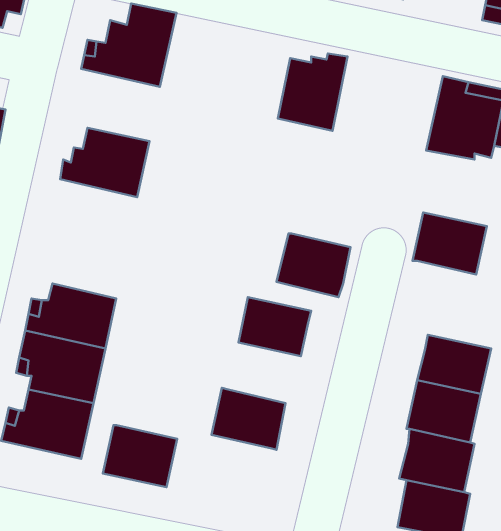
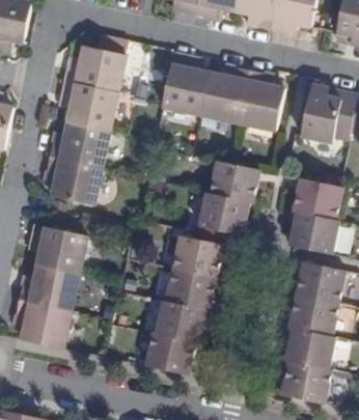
building: none -> [161,55,208,113]
building: none -> [237,71,284,130]
building: none -> [59,79,118,129]
building: none -> [46,155,103,204]
building: none -> [209,160,257,201]
building: none -> [287,211,338,254]
building: none -> [165,267,215,309]
building: [103,425,177,487] -> [144,330,195,372]

